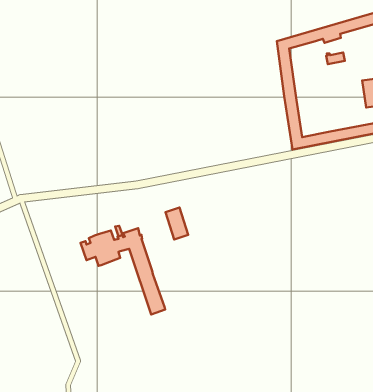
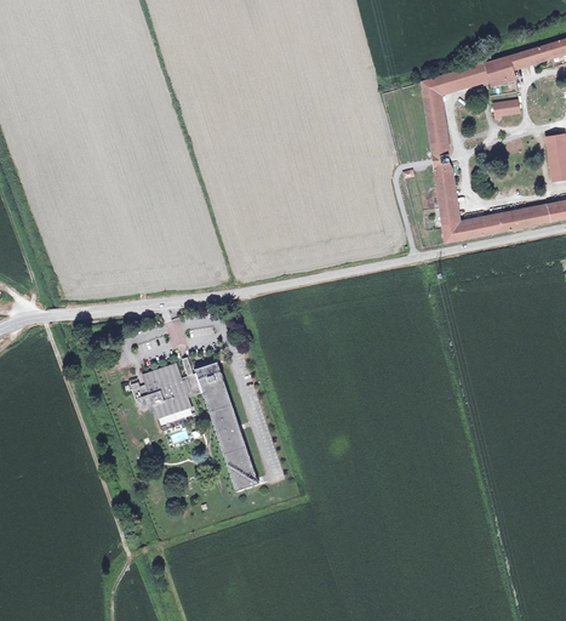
building: [166,208,188,240] -> none

